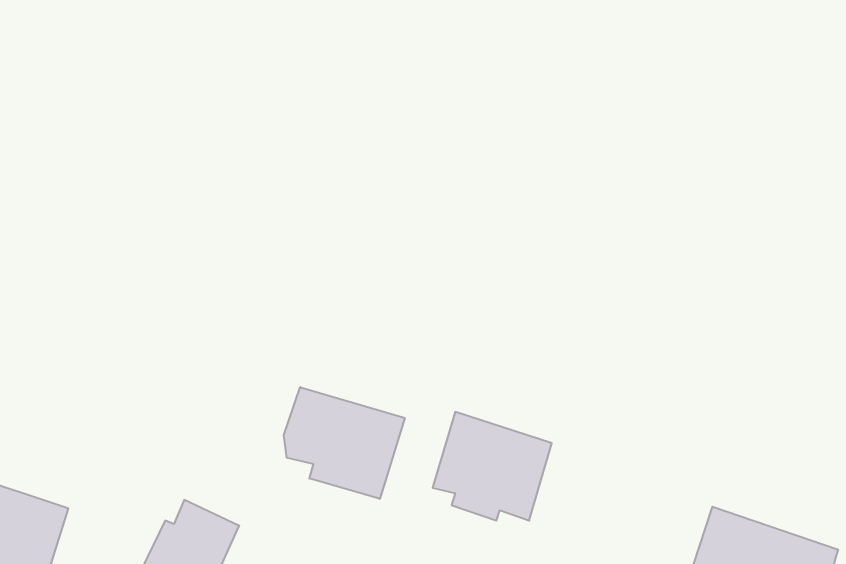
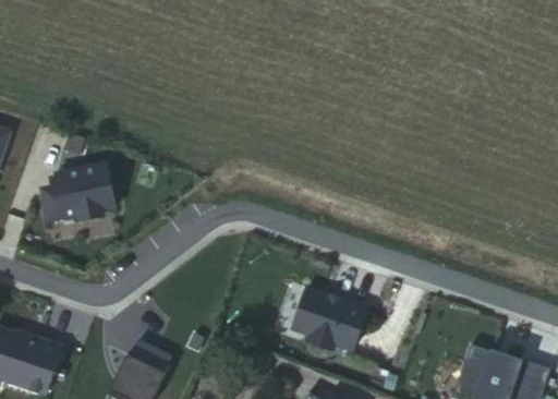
building: none -> [38,159,117,222]
building: [284,387,405,499] -> none

